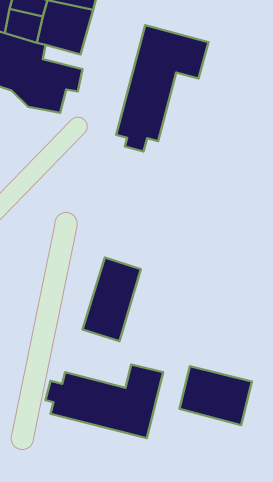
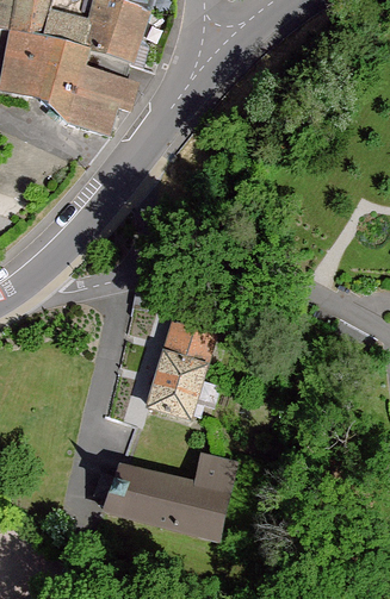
building: [116,25,209,151] -> none
building: [179,366,252,425] -> none

